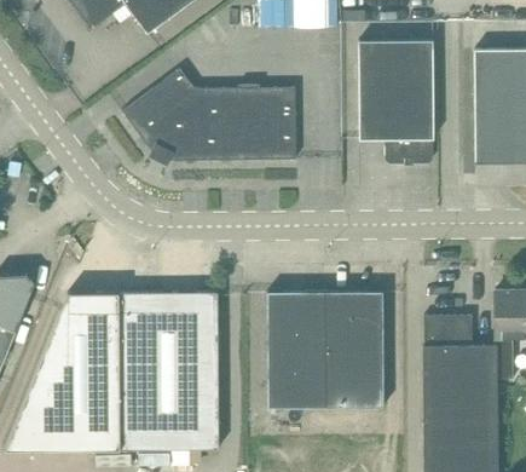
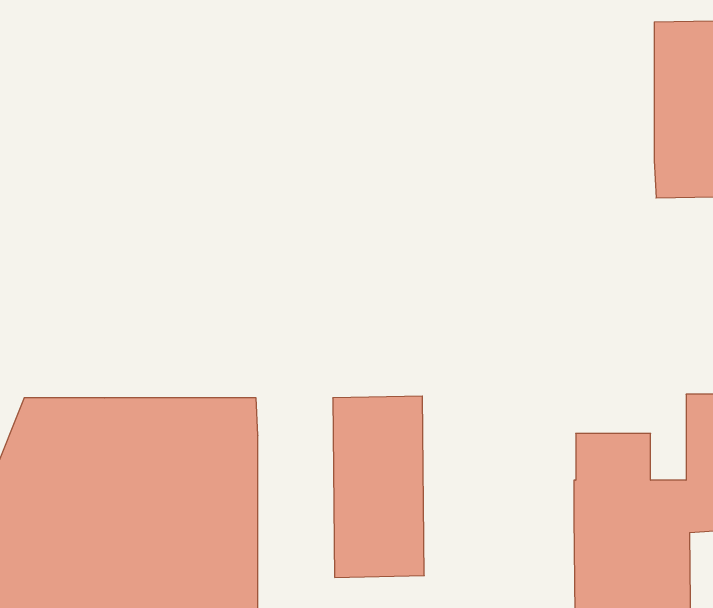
building: [359,40,434,162] -> none
building: [123,68,296,165] -> none
building: [325,290,385,407] -> none

